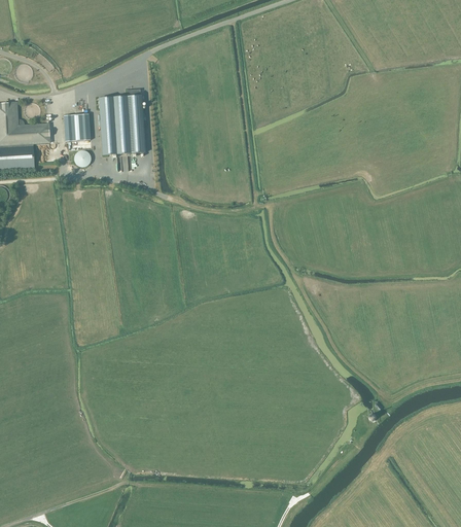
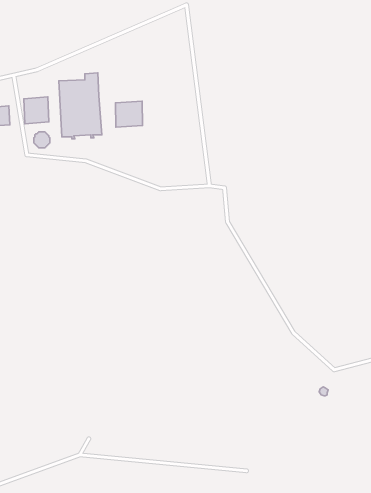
building: none -> [115,101,143,127]

